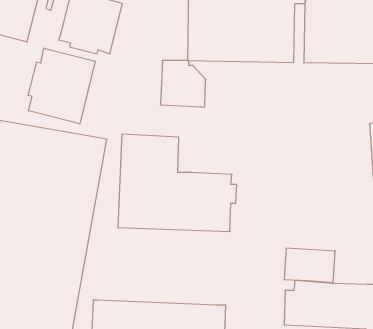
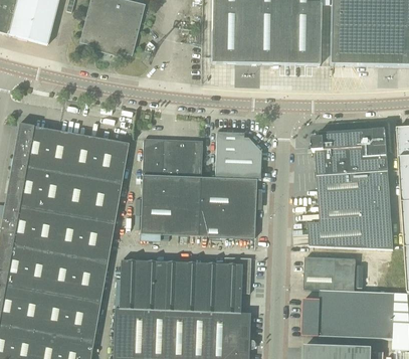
building: [28,48,95,124] -> none
building: [160,61,206,107] -> [215,133,261,180]
building: none -> [309,129,393,249]
building: none -> [119,257,250,314]

